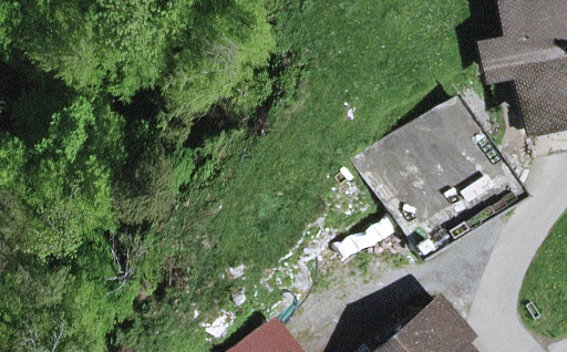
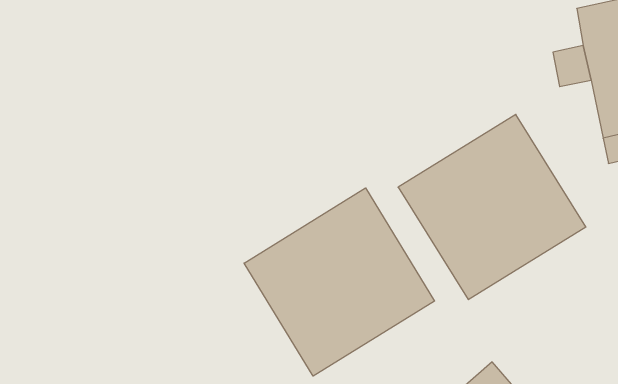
building: none -> [244,188,435,376]

